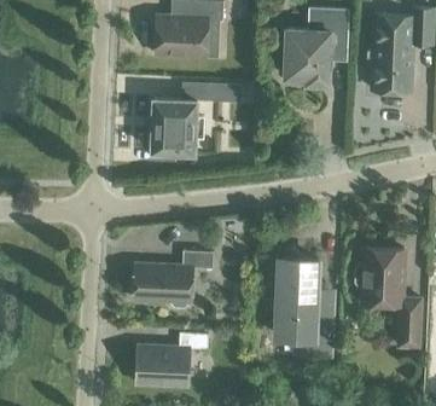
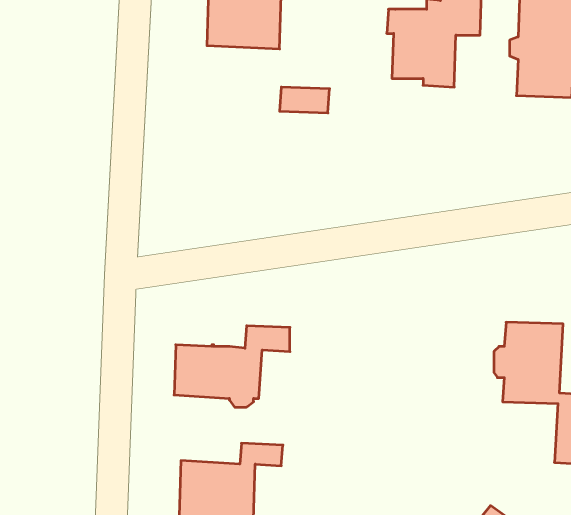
building: [151,98,204,159] -> none
building: [277,257,333,354] -> none

